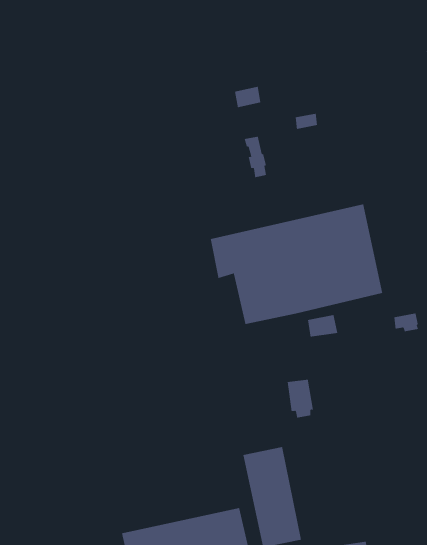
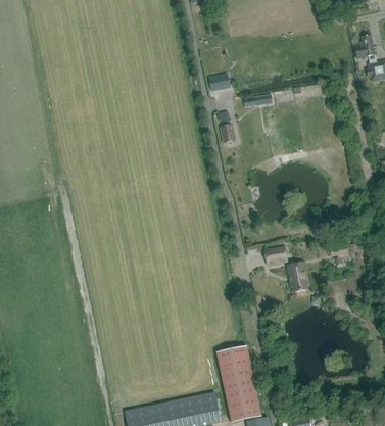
building: [210,203,383,325] -> none
building: [287,379,314,418] -> [288,263,308,292]

